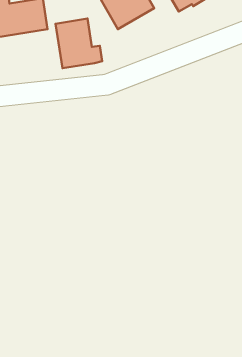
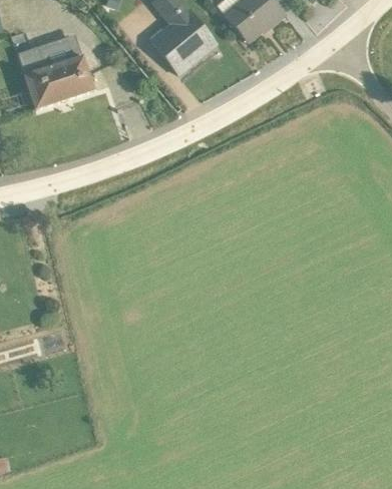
building: [55,19,102,68] -> none

